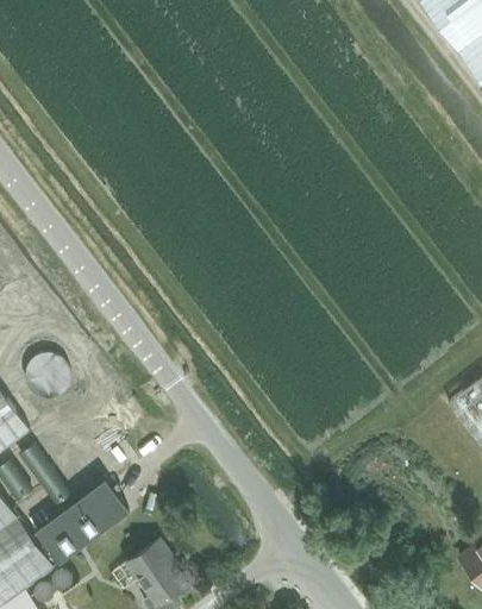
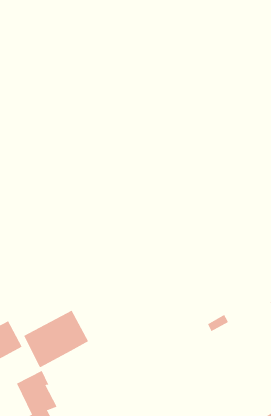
building: none -> [23,310,89,368]

